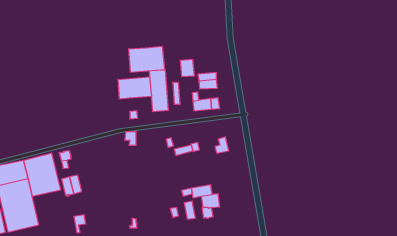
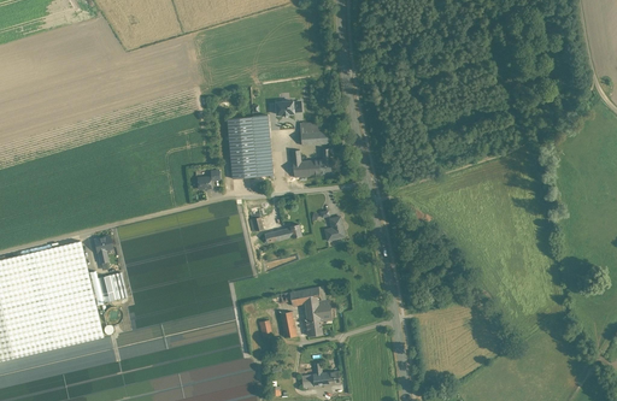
building: [129,46,165,72] -> none
building: [118,77,151,99] -> none
building: none -> [53,294,105,346]

